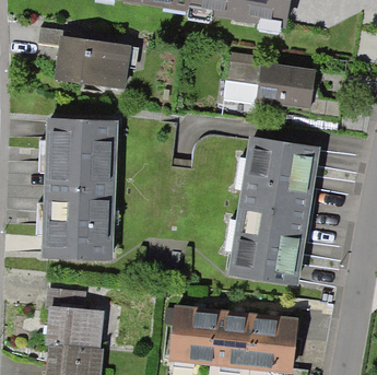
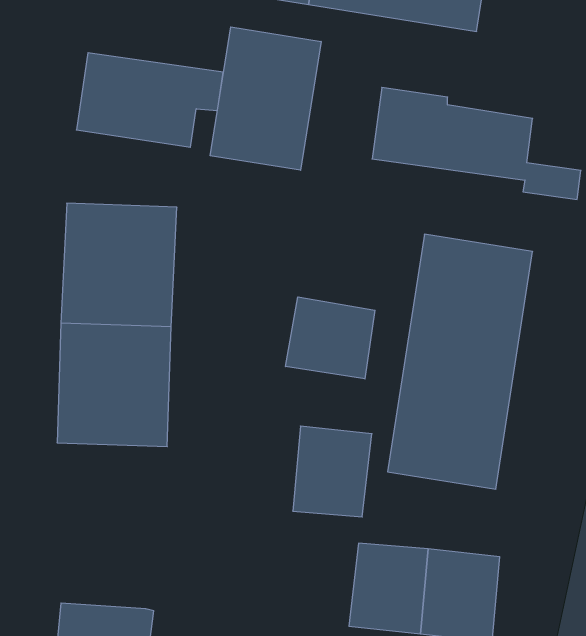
building: none -> [210,27,321,170]
building: none -> [286,297,375,379]
building: [45,290,98,350] -> none
building: [170,308,215,360] -> [293,426,372,517]

